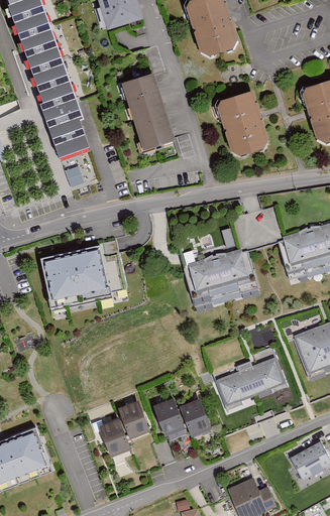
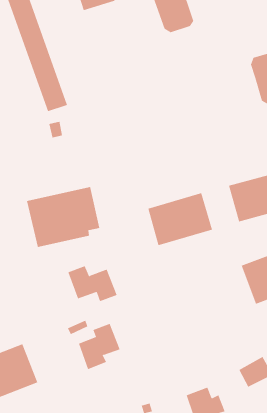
building: [122,75,176,153] -> none
building: [216,92,267,158] -> none
building: [214,346,289,411] -> none
building: [151,397,211,440] -> [67,265,117,302]

